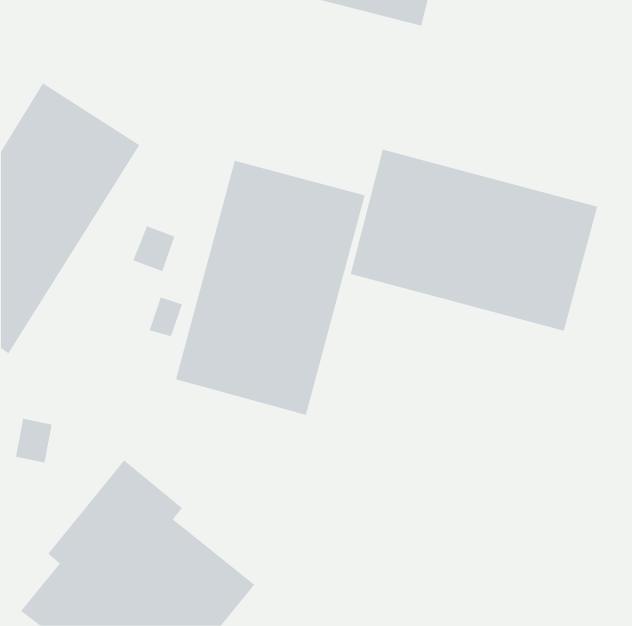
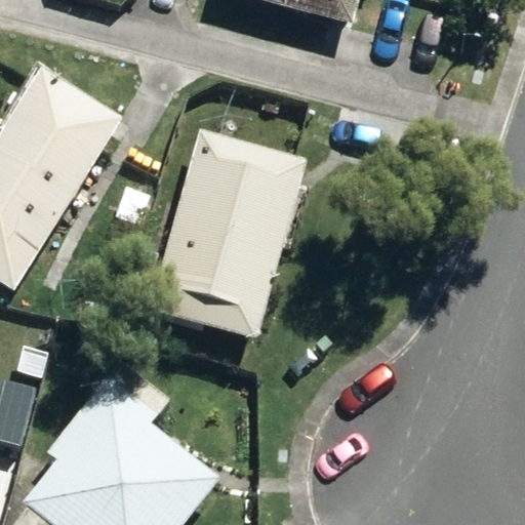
building: [350,149,598,331] -> none

